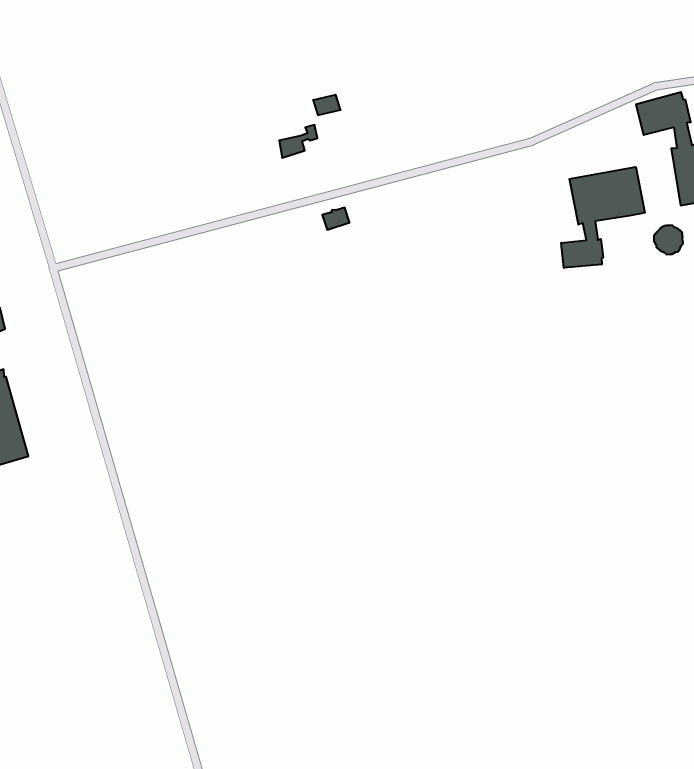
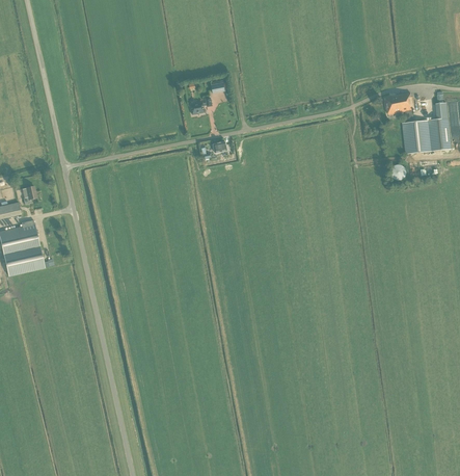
building: [561,167,645,268] -> none

